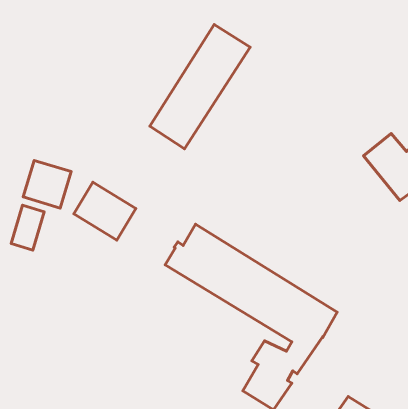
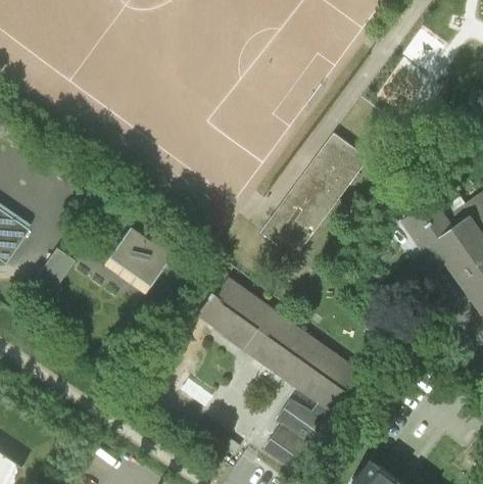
building: [150,25,250,149] -> [261,134,369,257]
building: [23,161,71,208] -> none

